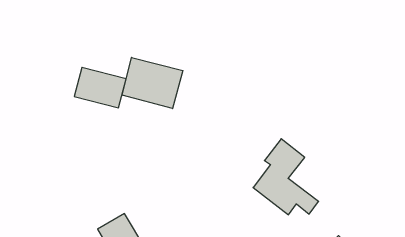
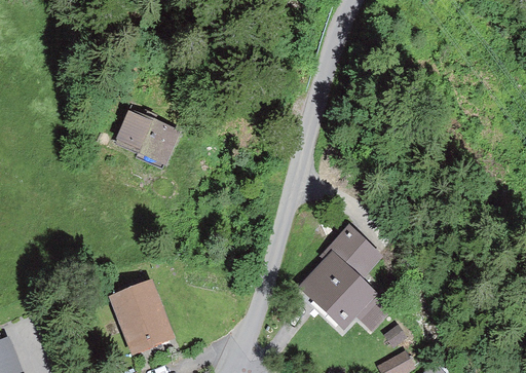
building: [122,57,183,109] -> none

